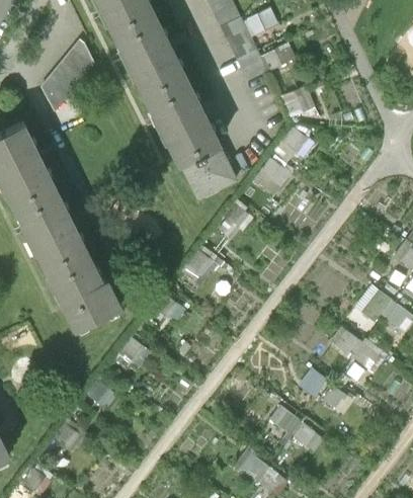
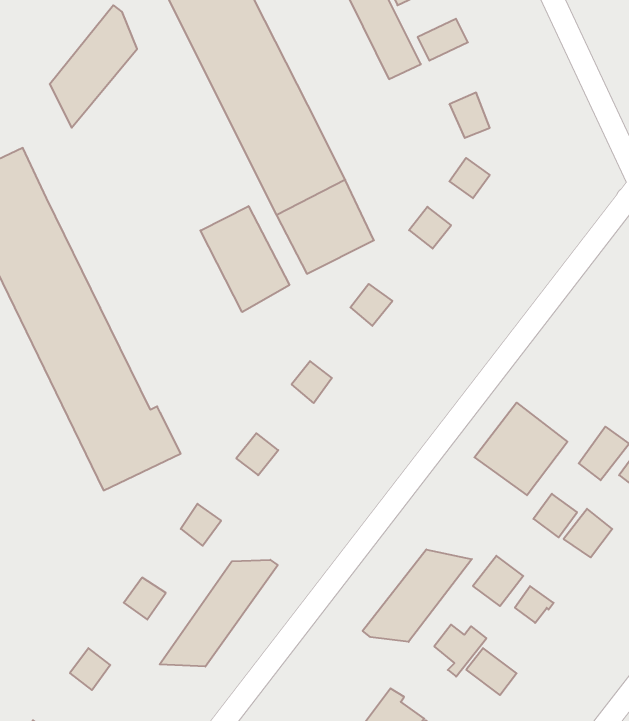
building: none -> [200,206,289,312]
building: none -> [474,403,567,495]
building: none -> [363,549,472,642]
building: none -> [160,560,278,667]

